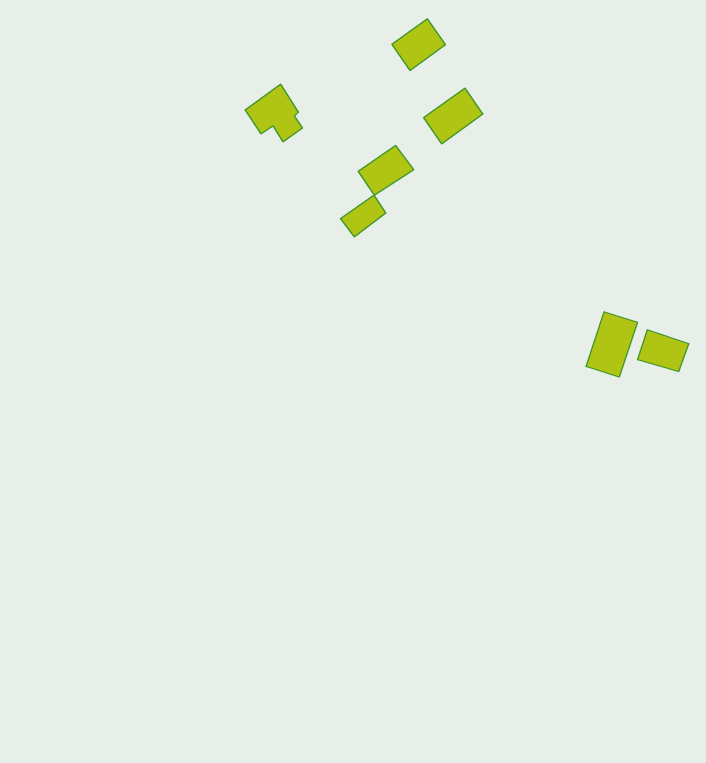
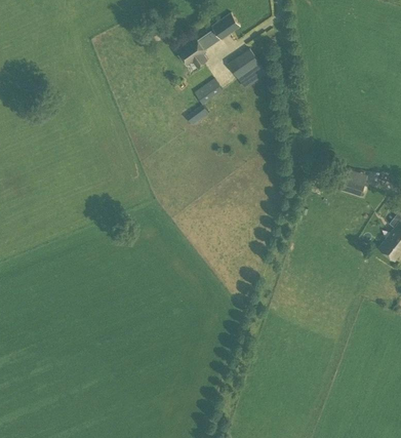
building: [245,84,303,142] -> [176,38,206,68]
building: [586,312,638,377] -> none

